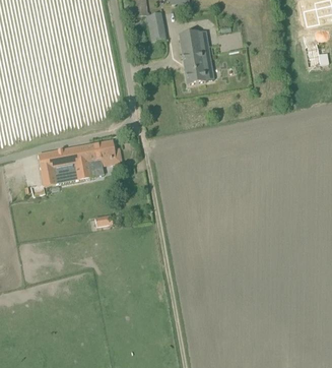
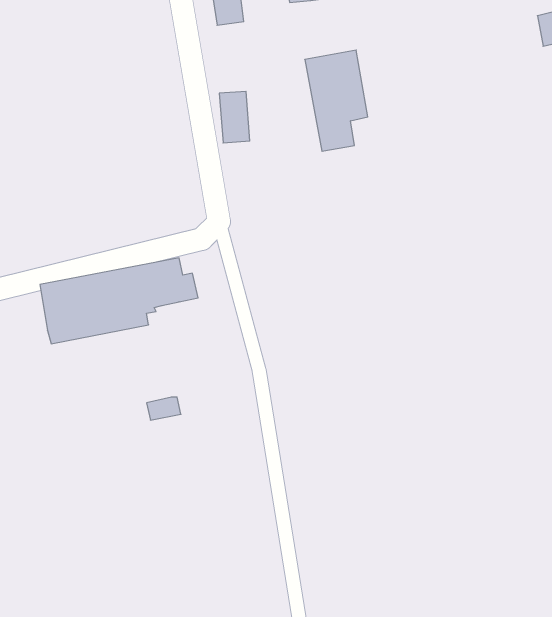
building: [148,12,164,40] -> [219,91,250,143]

